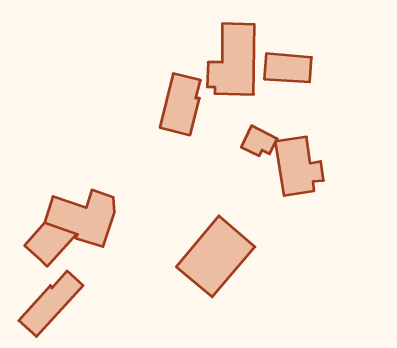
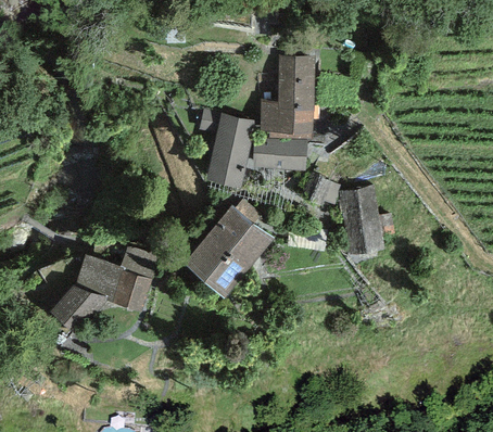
building: [264,54,312,82] -> [253,138,307,170]
building: [176,216,255,297] -> [184,202,274,295]
building: [19,271,83,337] -> none

